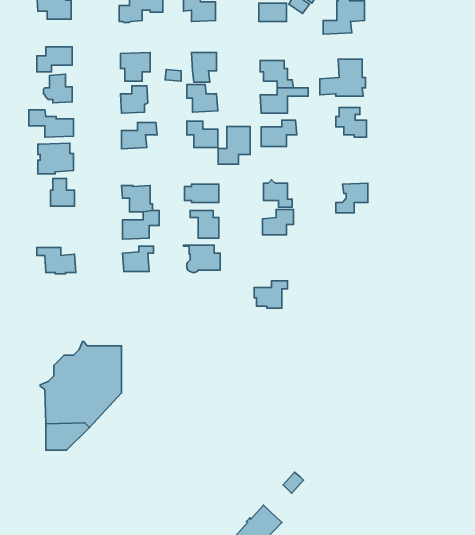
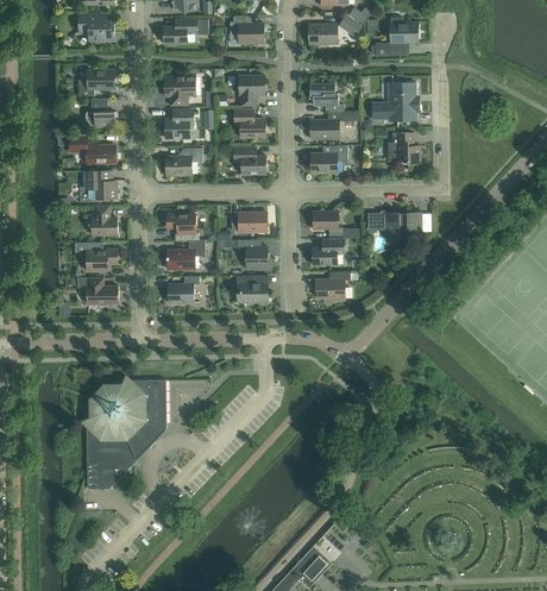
building: [218,127,250,164] -> none
building: none -> [366,212,398,232]
building: none -> [74,241,117,270]
building: [254,281,288,308] -> [315,271,350,300]

